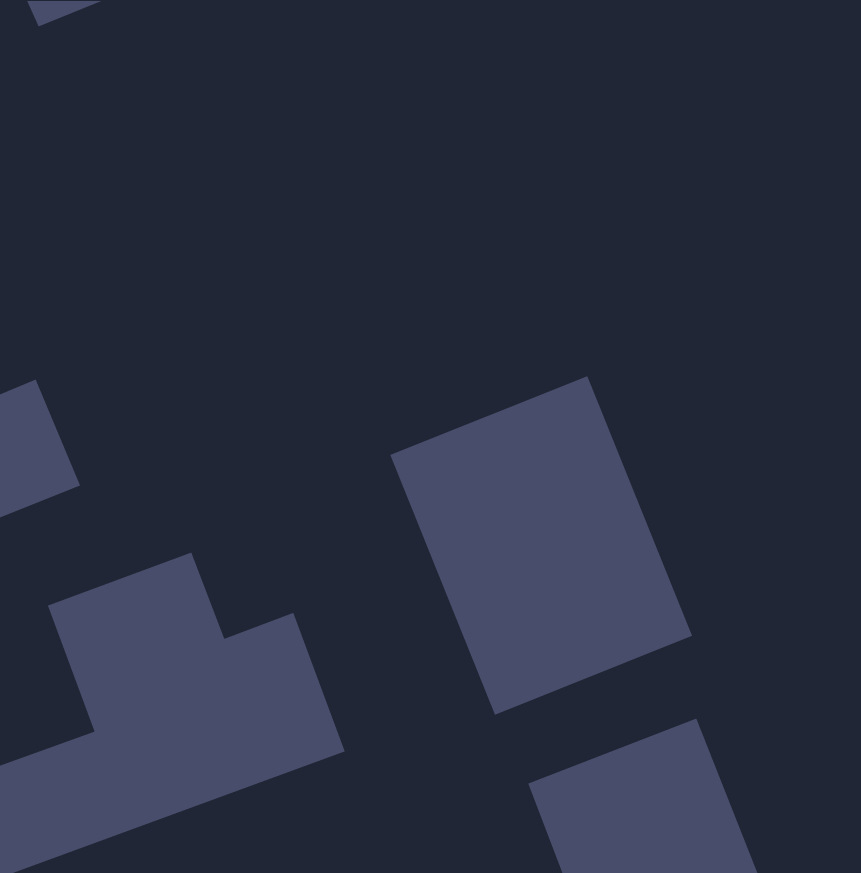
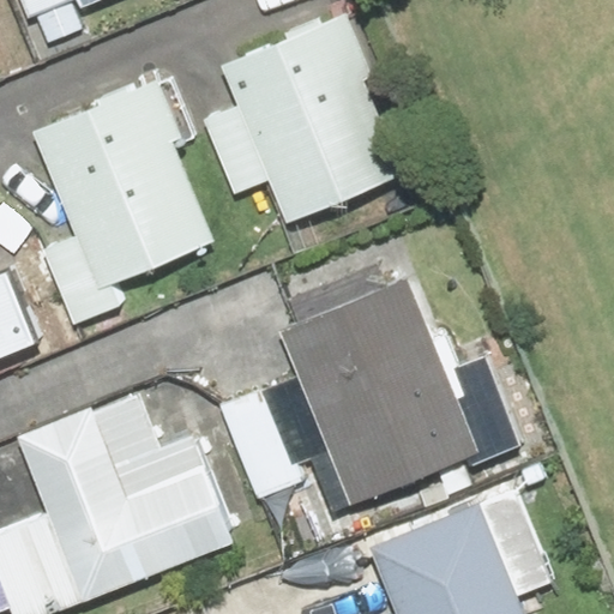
building: none -> [223,25,397,228]
building: none -> [35,89,204,290]

